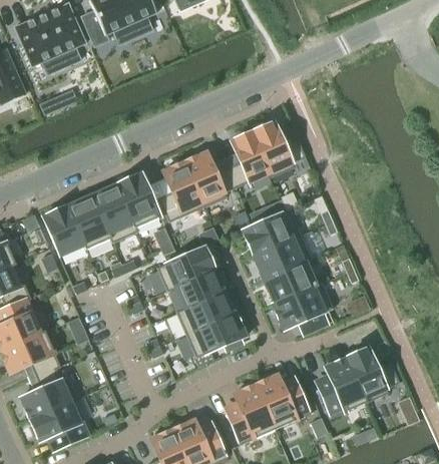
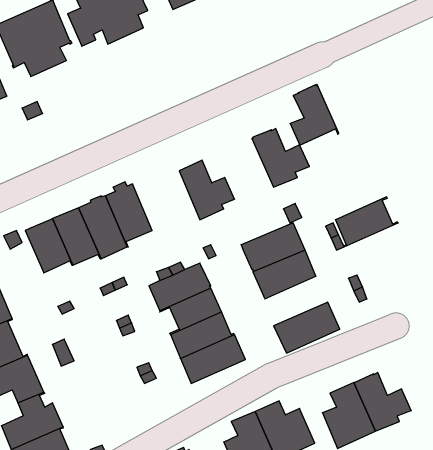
building: [227,131,272,187] -> [290,85,339,145]
building: [158,161,203,221] -> none
building: [264,259,322,305] -> [335,197,398,247]

